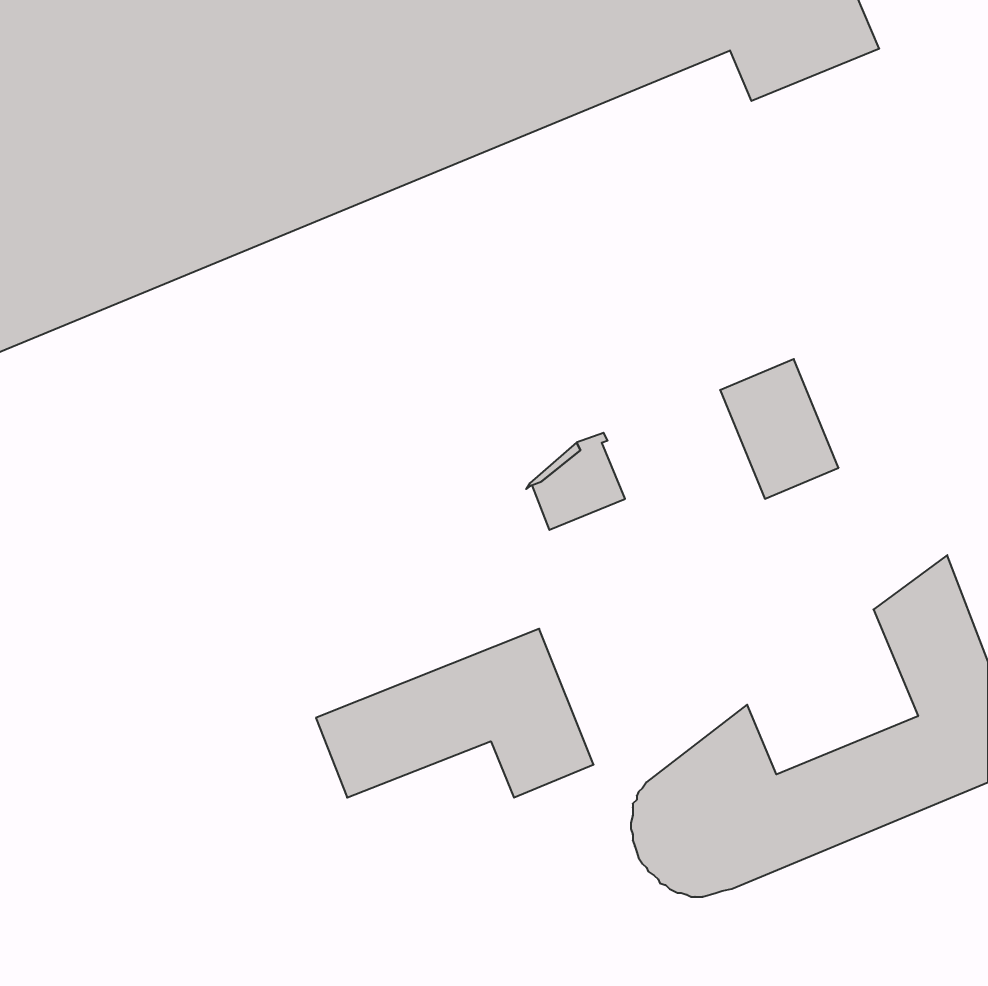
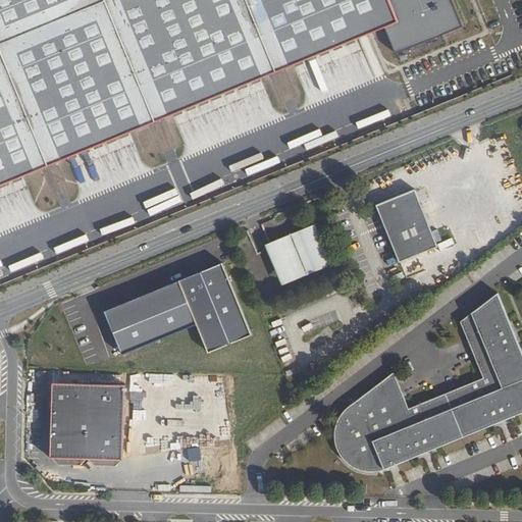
building: [316,629,594,798] -> [102,262,248,351]
building: none -> [50,379,123,462]

